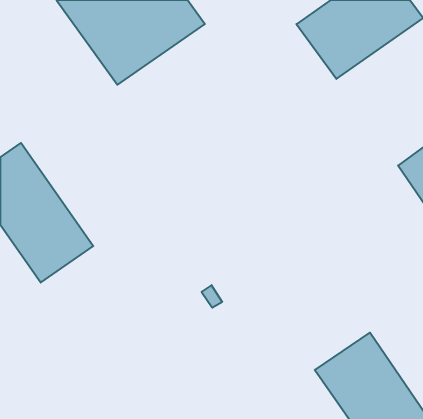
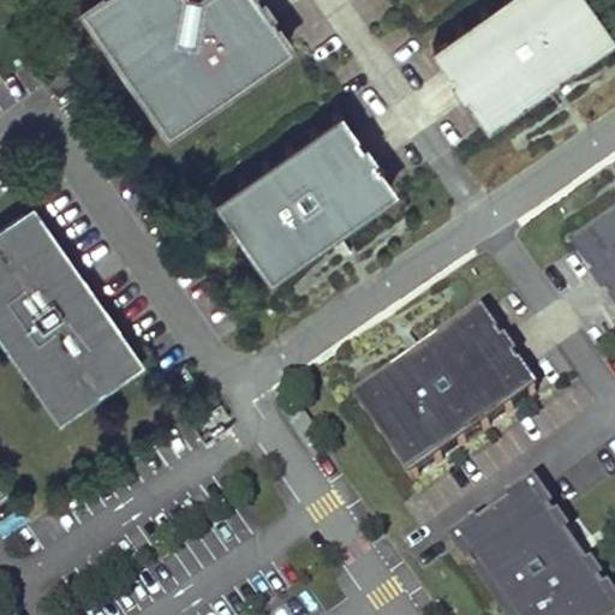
building: none -> [215,115,396,285]
building: none -> [358,310,539,478]

